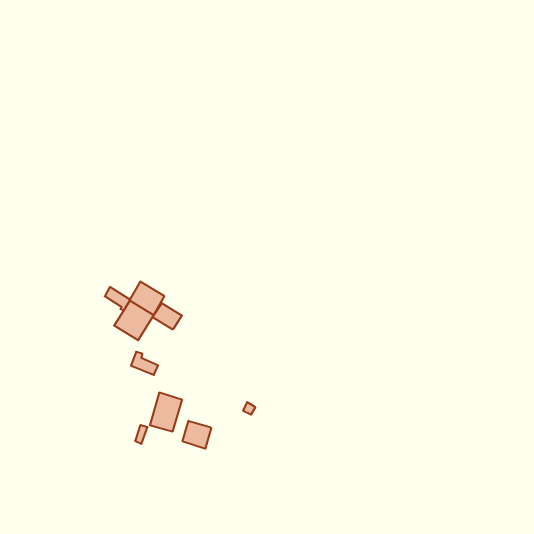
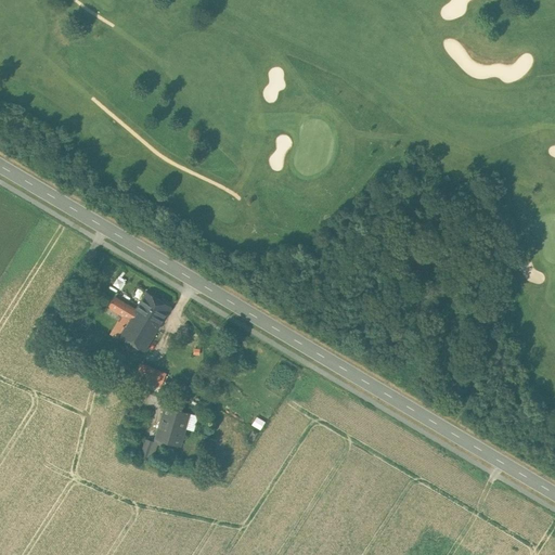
building: [153,303,182,329] -> none
building: [183,421,211,449] -> none

